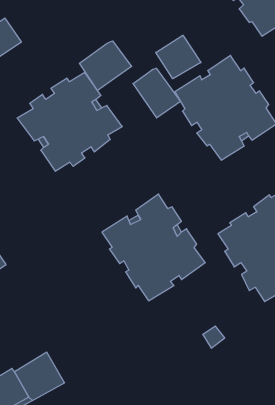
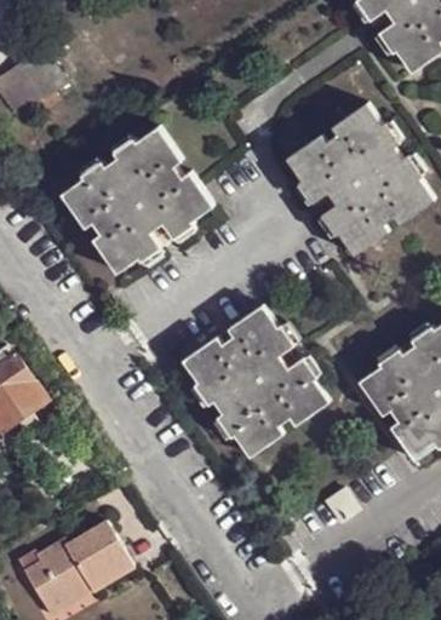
building: [156,35,201,79] -> none
building: [79,41,132,90] -> none
building: [133,68,180,118] -> none

